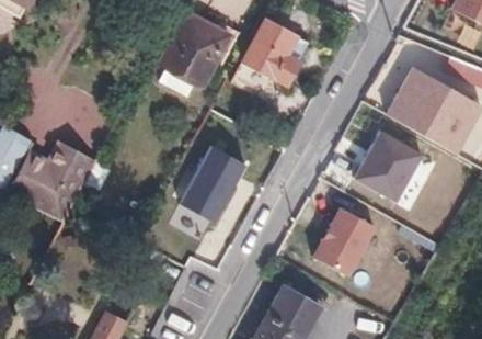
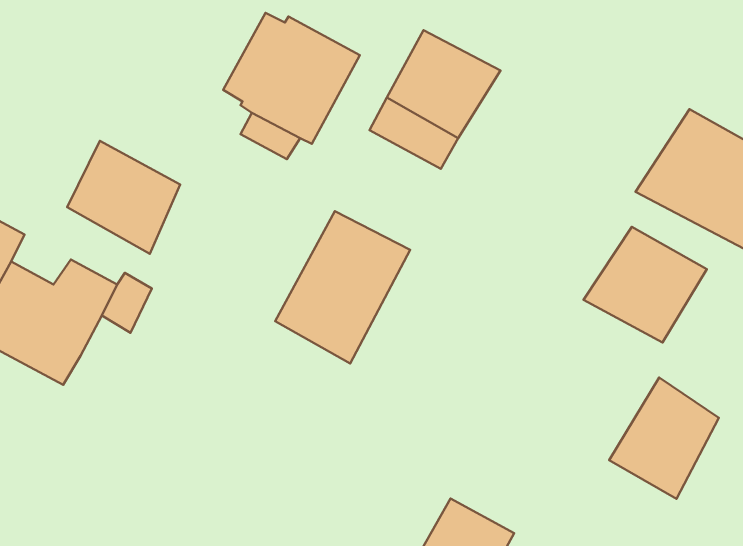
building: none -> [67,141,180,254]
building: [313,205,376,274] -> [609,377,719,499]

